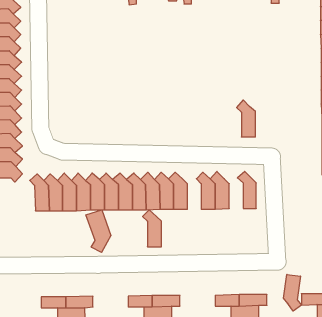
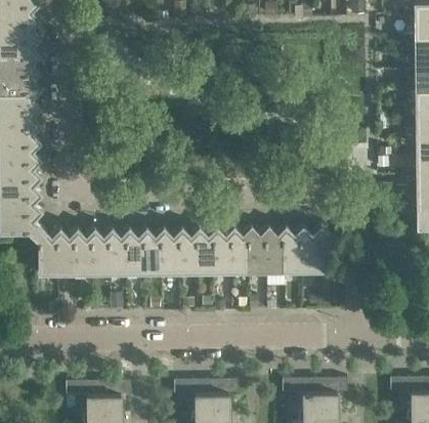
building: [237,100,255,137] -> [294,228,317,274]
building: none -> [33,231,58,278]
building: [143,210,161,247] -> [242,229,265,276]
building: [86,210,111,252] -> none
building: [284,274,301,311] -> none

